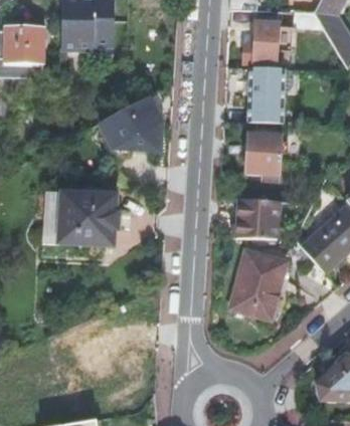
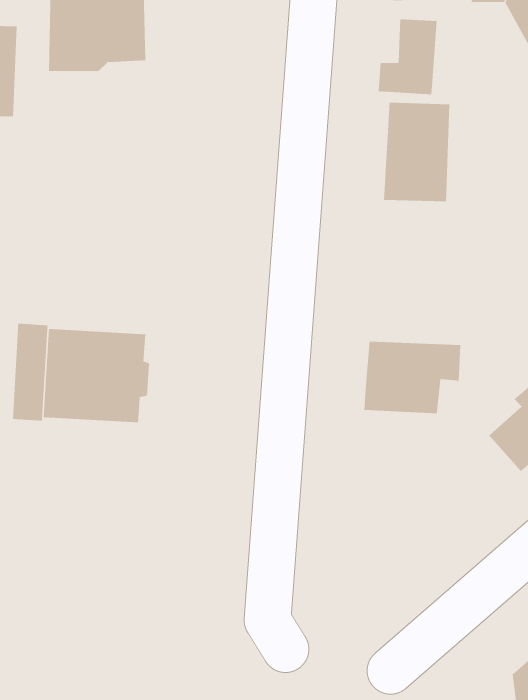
building: [101,95,163,150] -> none
building: [246,133,282,174] -> none
building: [229,249,287,318] -> none

